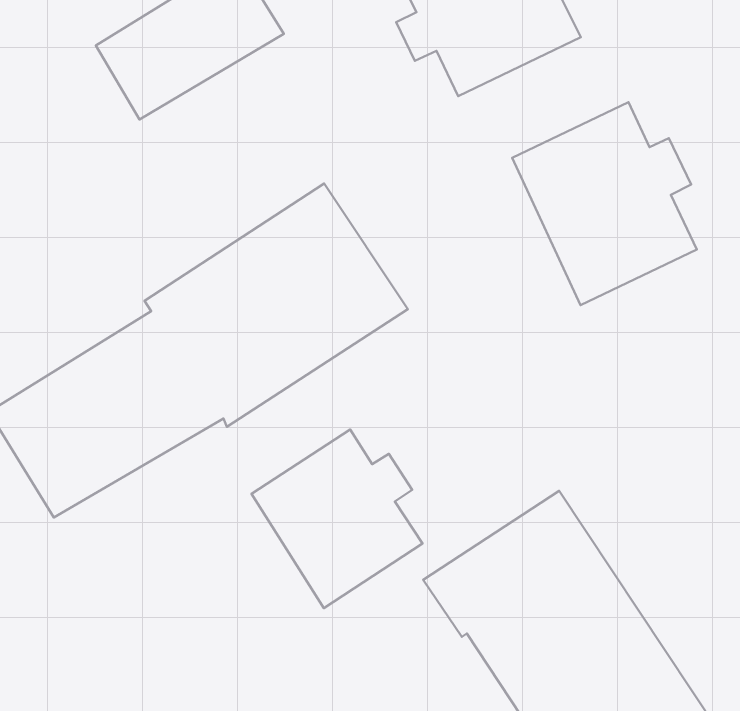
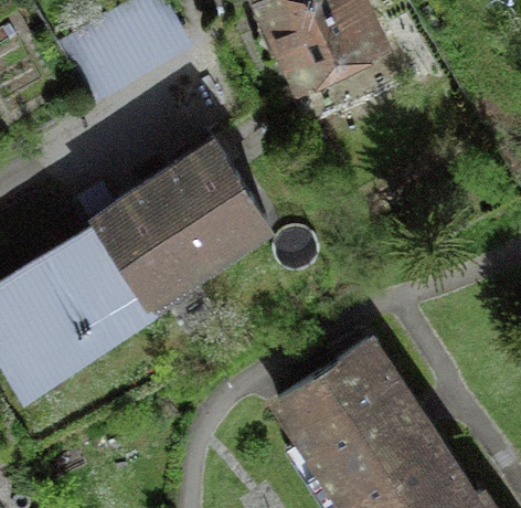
building: [512,102,697,305] -> none
building: [252,429,422,608] -> none

